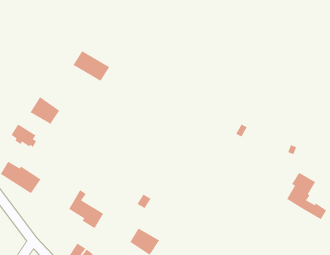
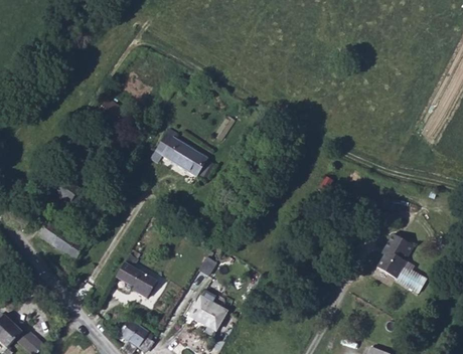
building: [73,50,110,82] -> [163,134,208,172]
building: [29,96,60,126] -> none

